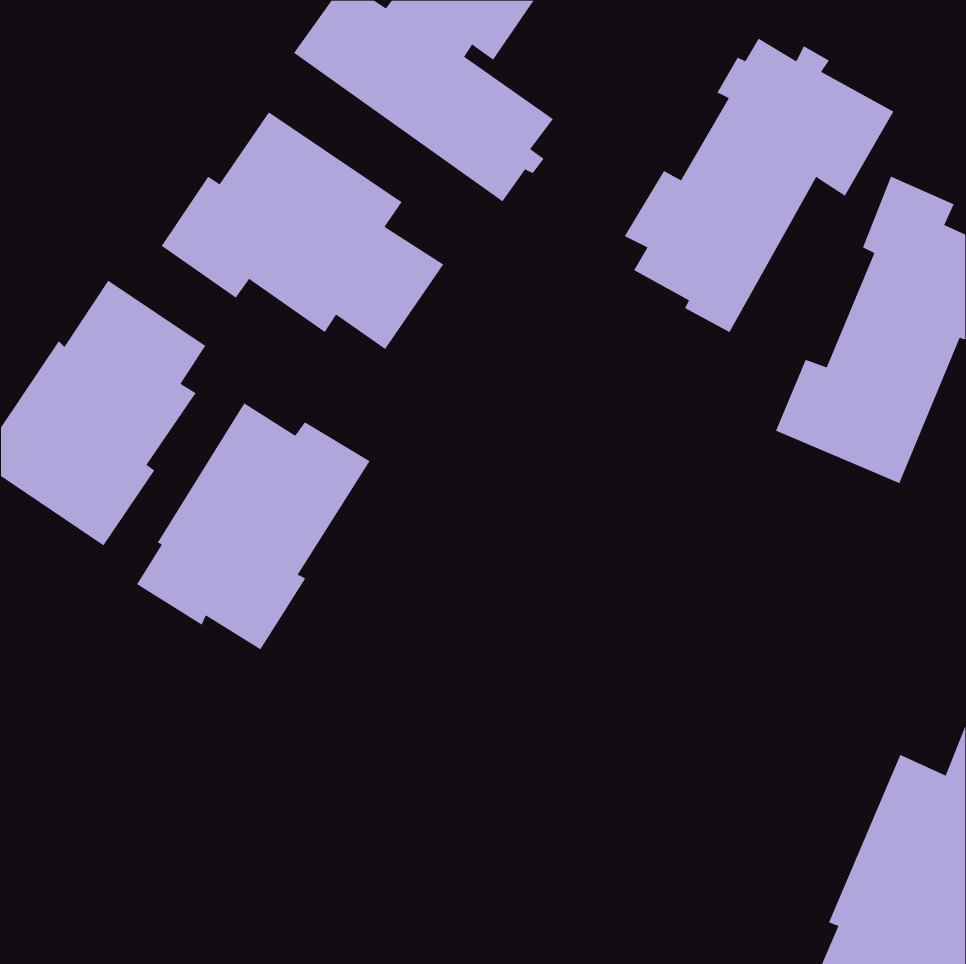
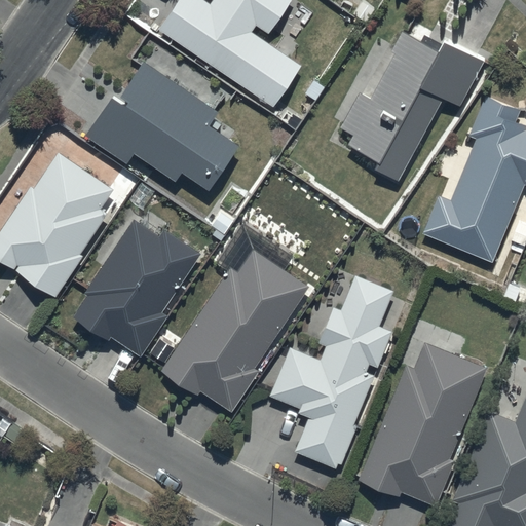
building: none -> [162,249,308,412]
building: none -> [270,275,392,471]
building: none -> [355,342,485,506]

